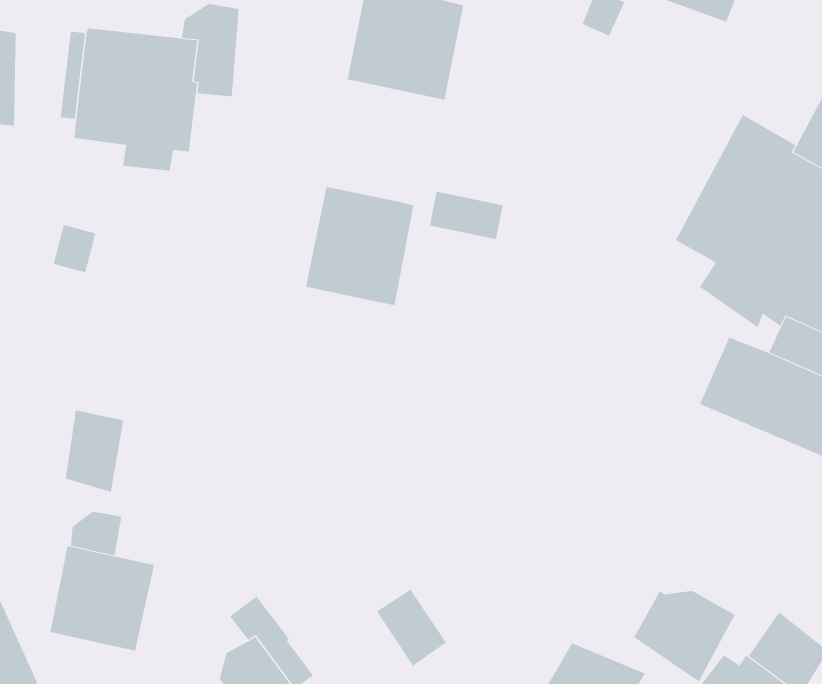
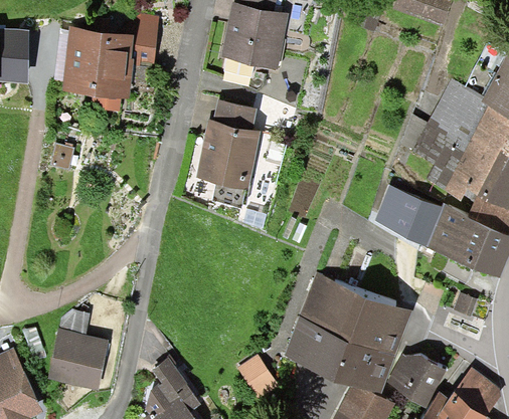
building: [429,191,503,240] -> [214,100,258,129]
building: none -> [374,184,444,246]
building: [65,409,124,492] -> none
building: none -> [286,274,413,393]

